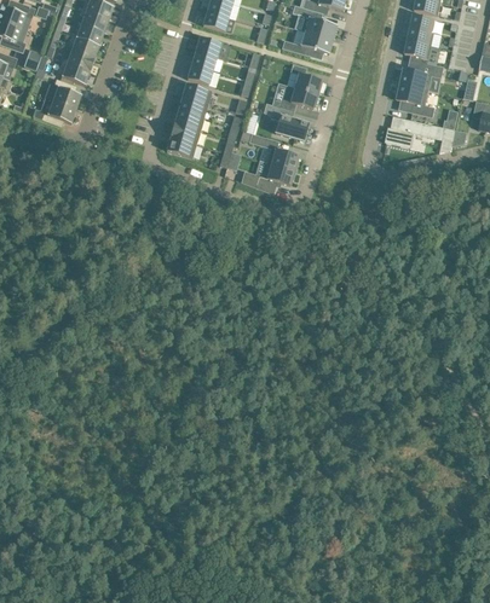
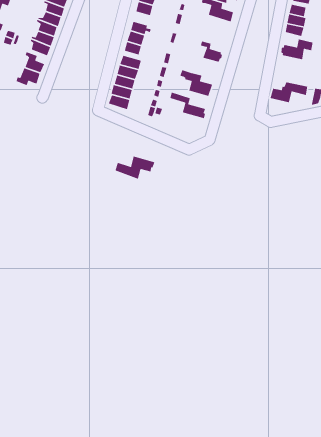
building: [283,28,334,56] -> none
building: [397,83,437,116] -> none
building: [281,85,318,110] -> none
building: [242,161,298,193] -> [114,156,156,180]

